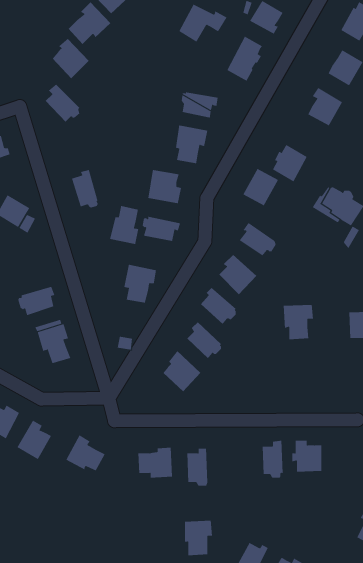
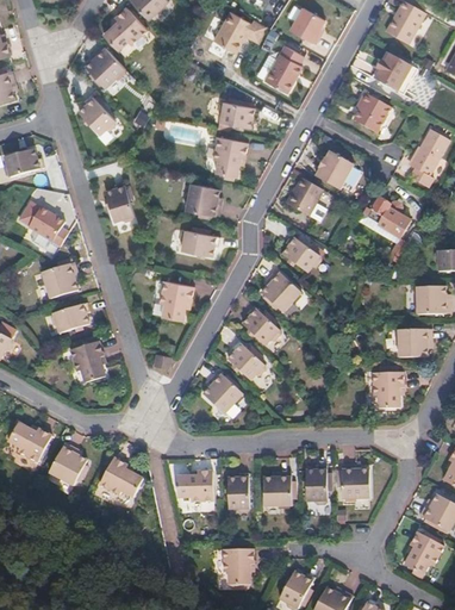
building: [110,205,139,245] -> none
building: none -> [40,262,77,299]
building: [283,304,314,340] -> [370,372,403,409]
building: none -> [263,471,292,506]

